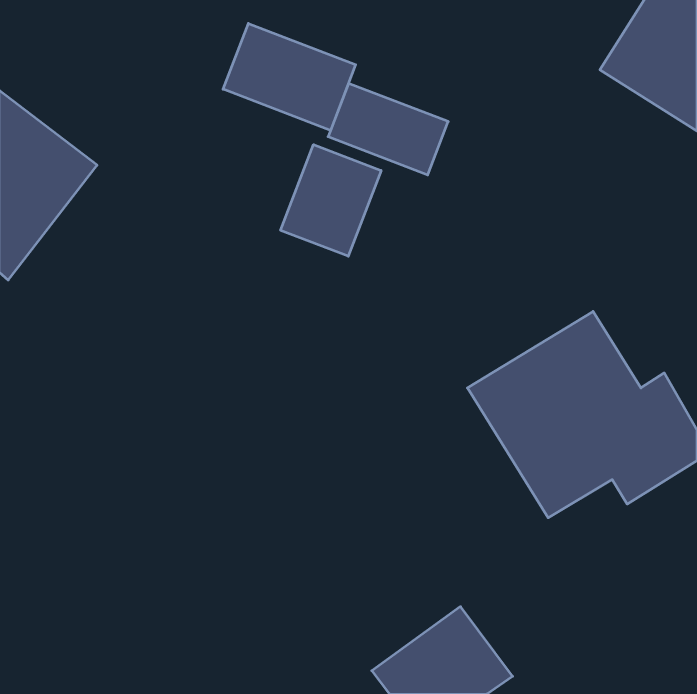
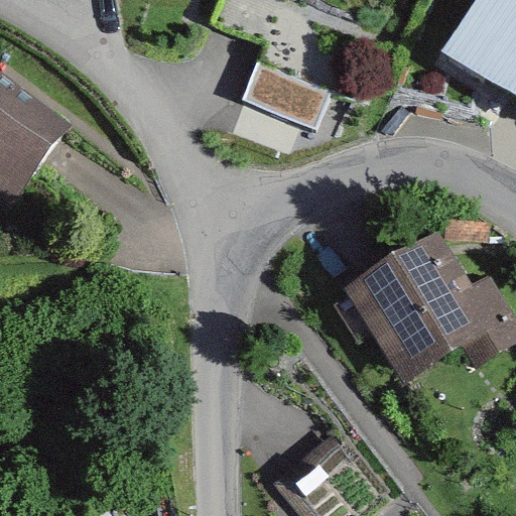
building: [223,23,356,130] -> none
building: [281,145,381,256] -> none

